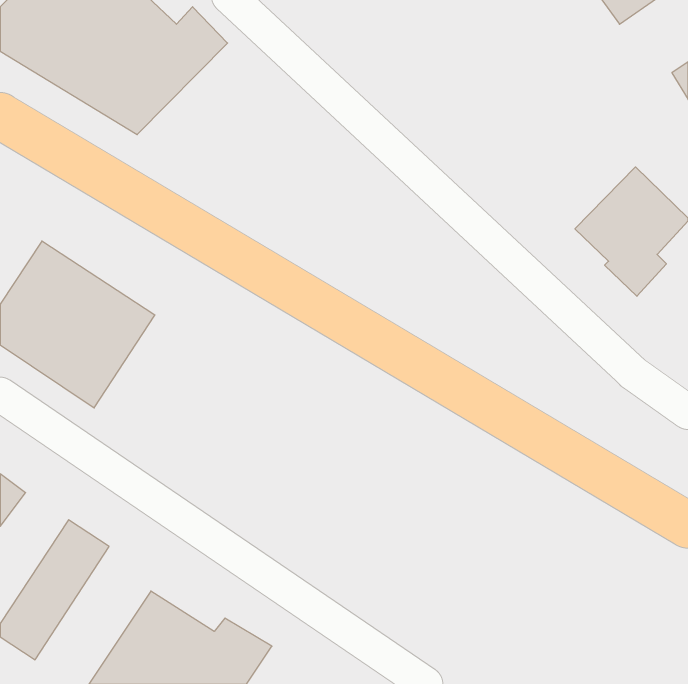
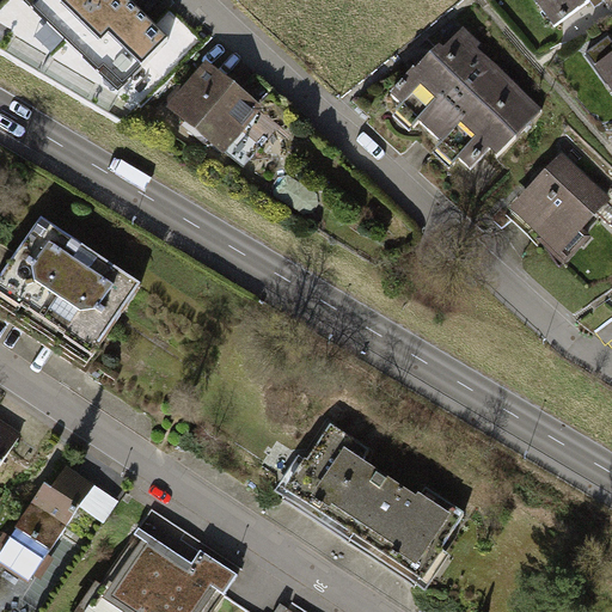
building: none -> [394,27,541,171]
building: none -> [169,55,262,147]
building: none -> [282,424,454,577]

